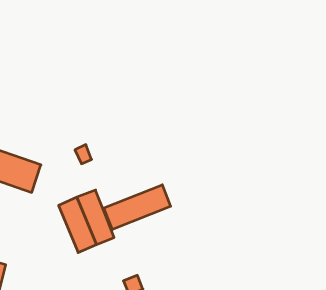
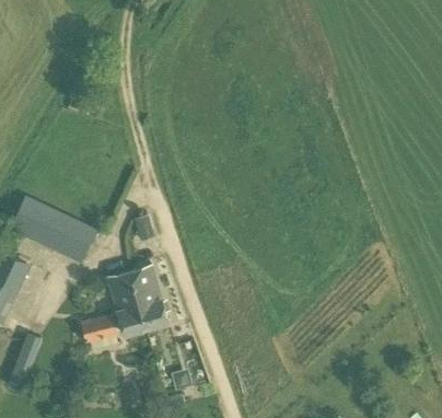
building: [104,185,171,230] -> none
building: none -> [81,314,116,342]

